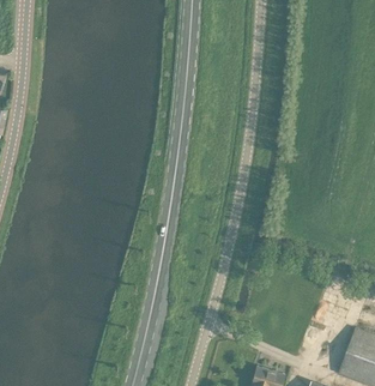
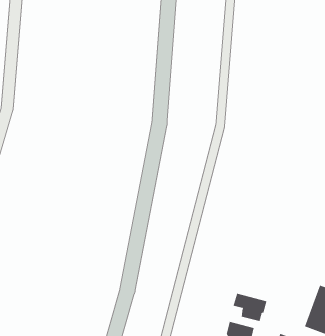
building: none -> [233,293,267,322]

